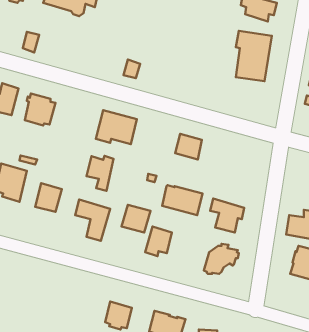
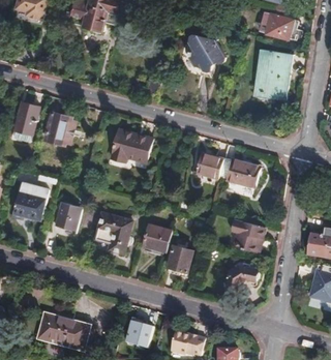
building: none -> [186,33,224,71]
building: [86,156,114,191] -> none
building: [162,185,202,215] -> [218,157,259,187]
building: none -> [37,314,89,346]

